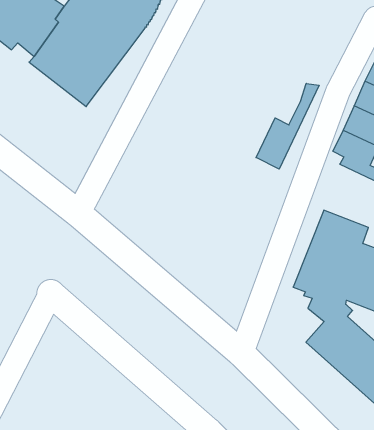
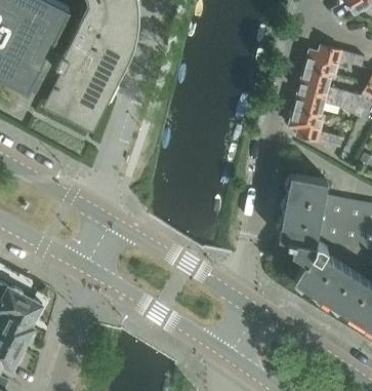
building: [256,83,319,169] -> none

